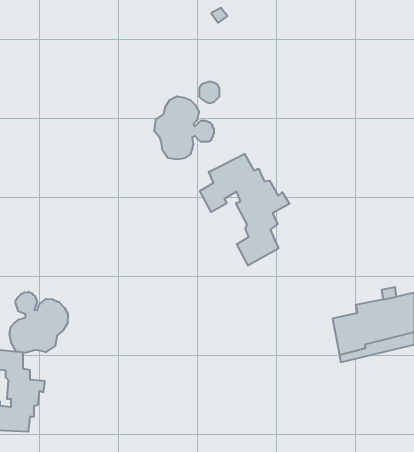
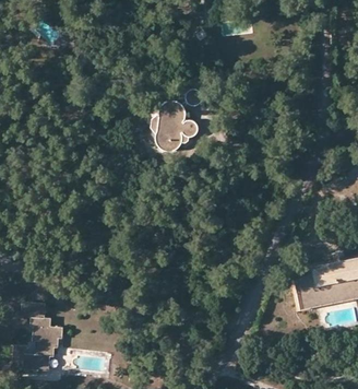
building: [200,154,289,266] -> none
building: [9,292,68,353] -> none

